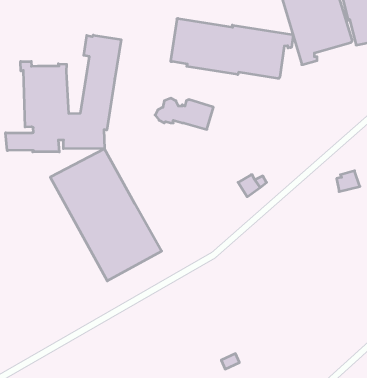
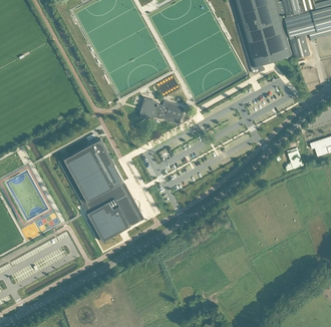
building: [171,18,293,78] -> none
building: [6,35,121,152] -> none

